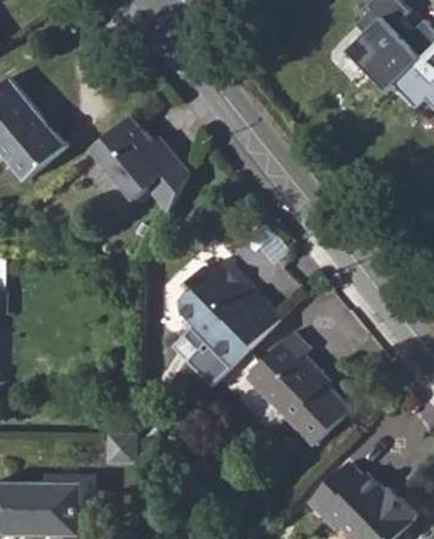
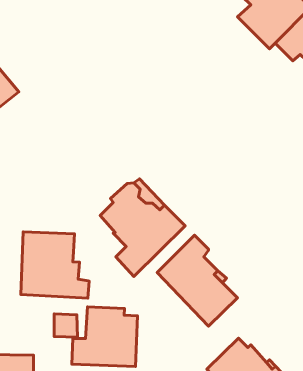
building: [90,118,188,214] -> none
building: none -> [21,232,89,298]
building: none -> [72,307,138,367]

